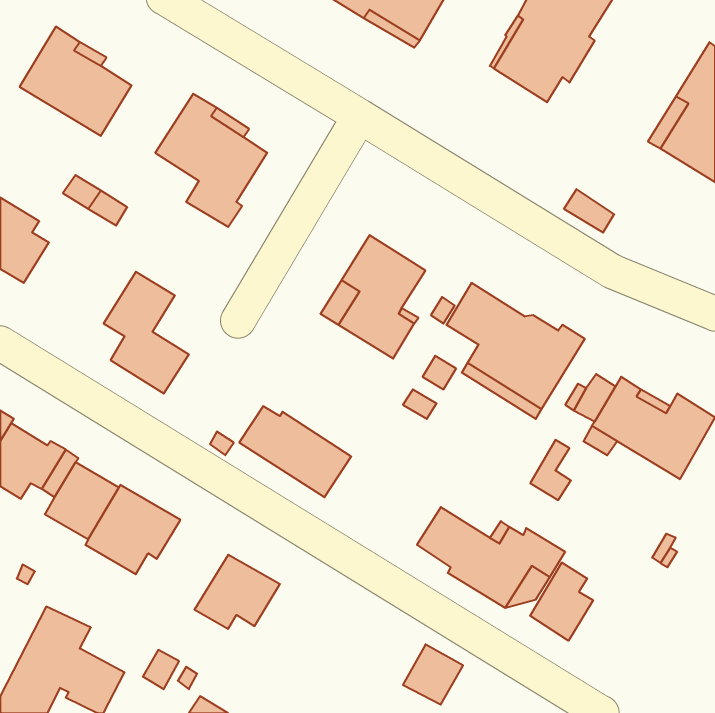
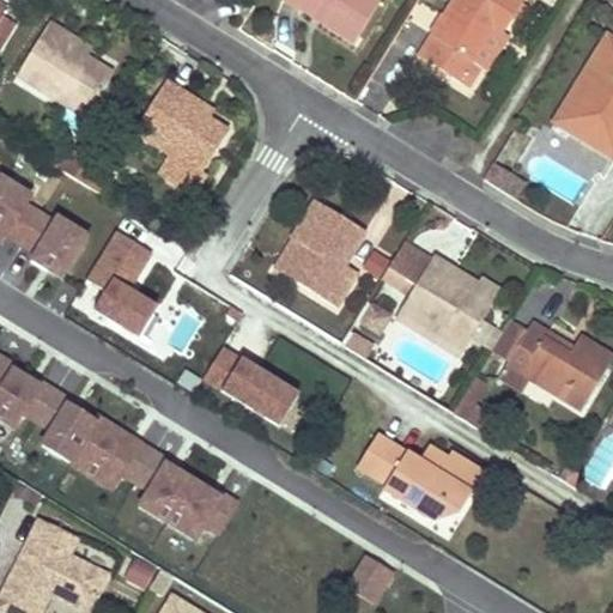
building: none -> [20,207,85,269]
building: none -> [134,444,195,521]
building: [530,562,593,641] -> none

